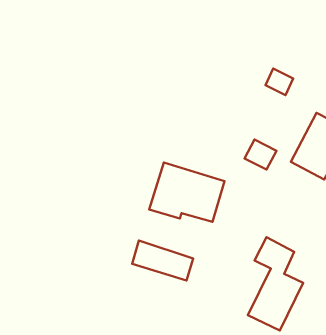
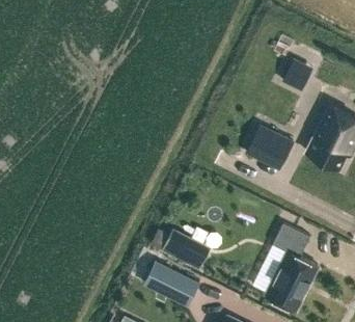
building: [149,163,225,222] -> none
building: none -> [143,261,199,306]

